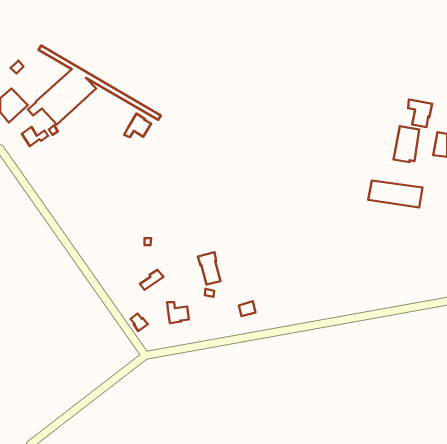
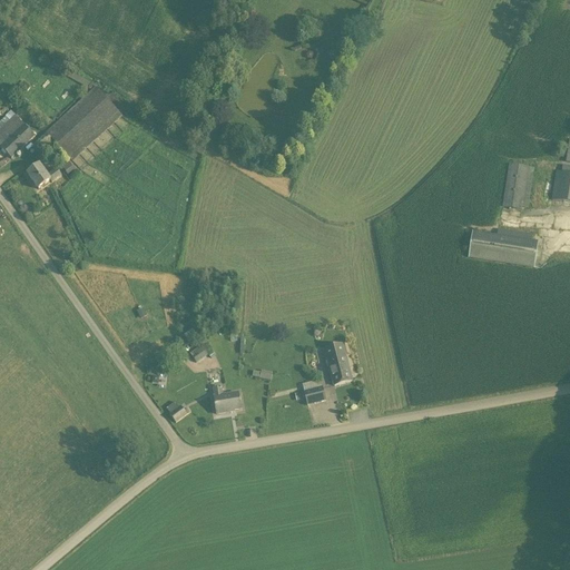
building: [408,100,432,127] -> none
building: [124,113,151,137] -> none
building: [198,252,220,285] -> [323,341,352,382]

